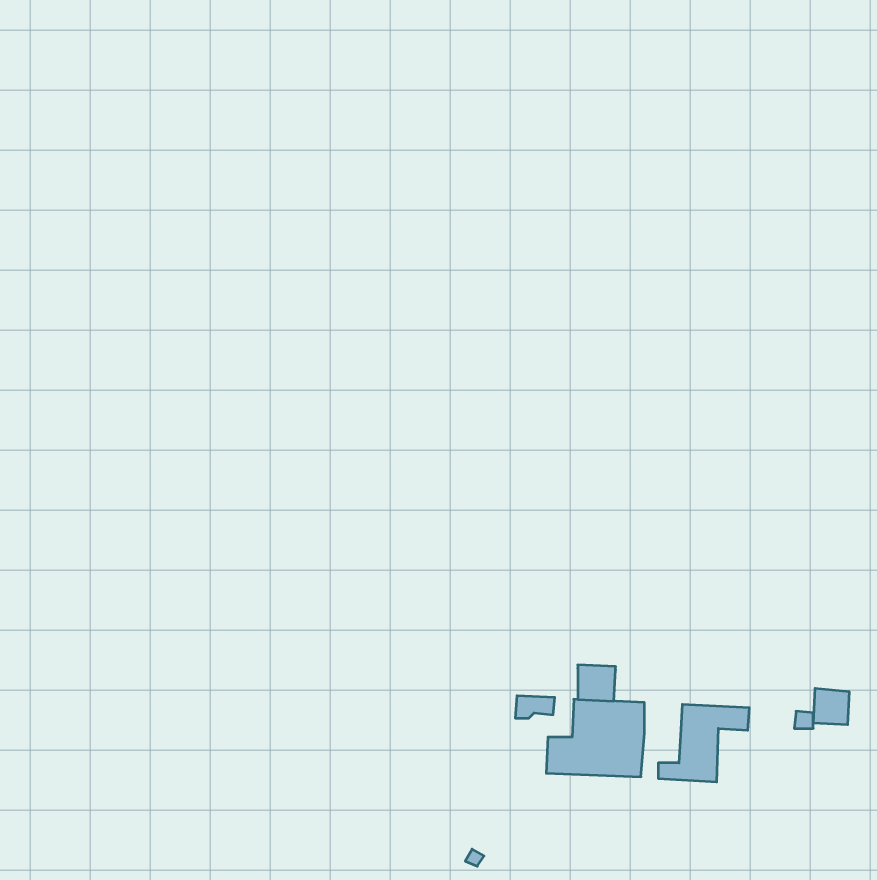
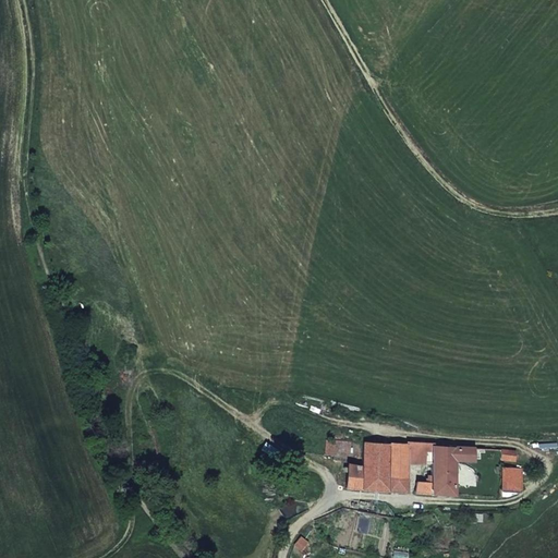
building: [578,665,616,701] -> [410,442,434,465]
building: [813,688,849,725] -> [501,468,524,490]

